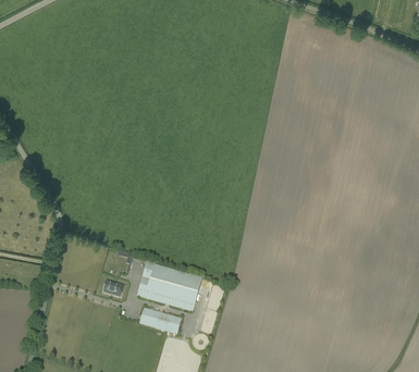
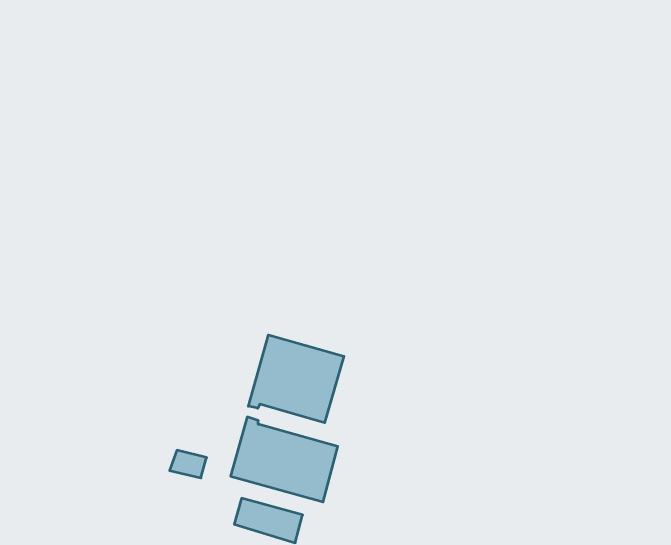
building: none -> [248,335,344,423]

